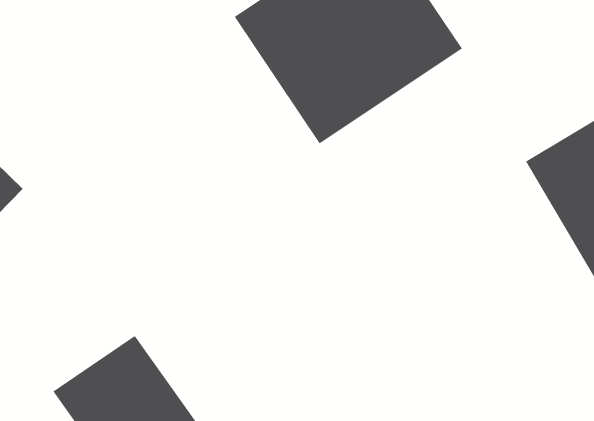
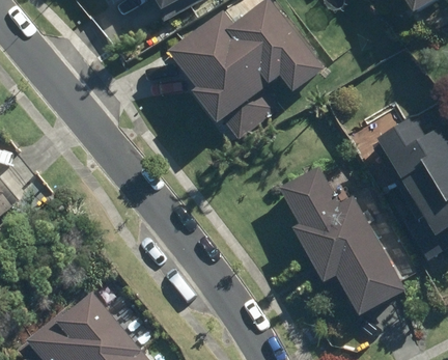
building: none -> [273,171,400,316]

